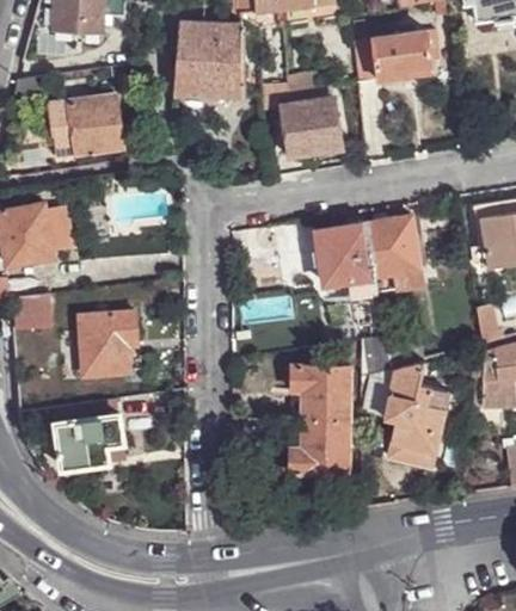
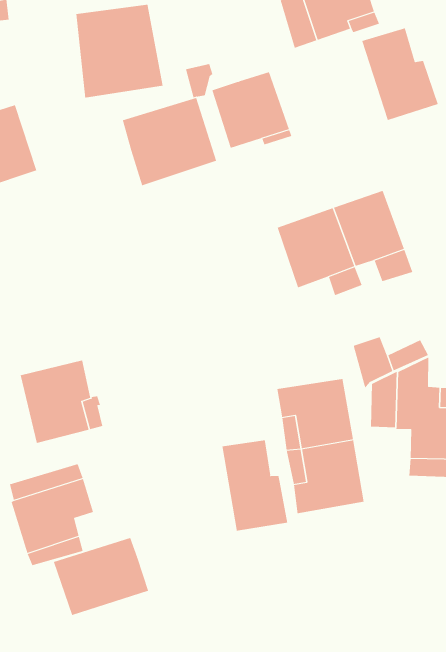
building: none -> [362,28,439,121]
building: none -> [122,97,217,186]
building: none -> [222,439,288,532]
building: none -> [53,537,149,616]

